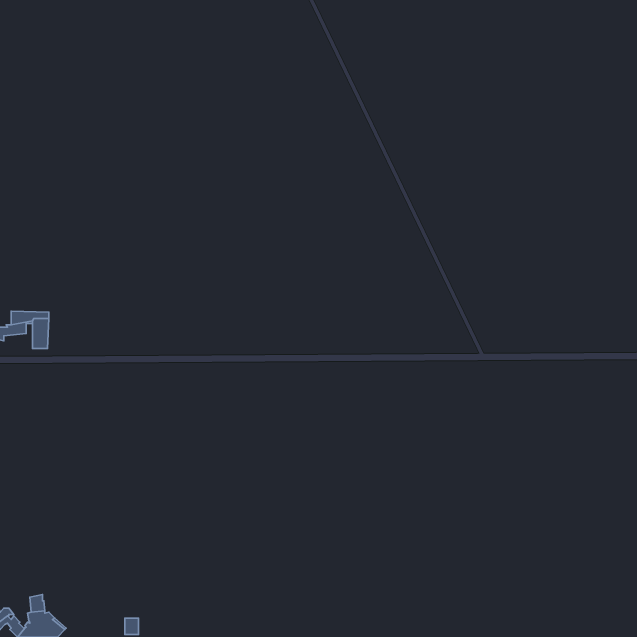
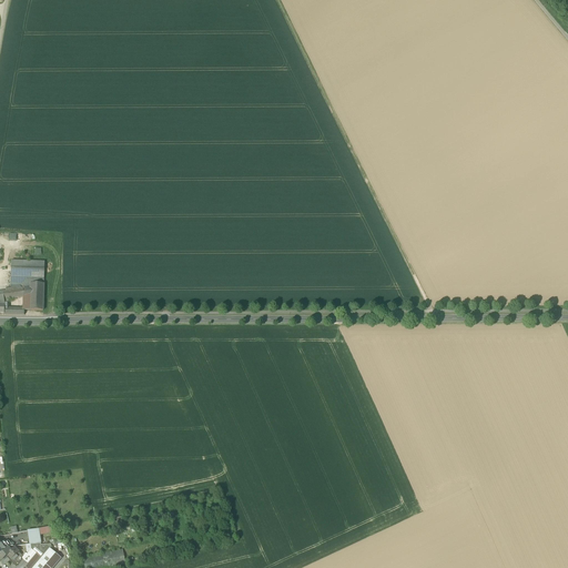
building: none -> [10,260,43,277]

